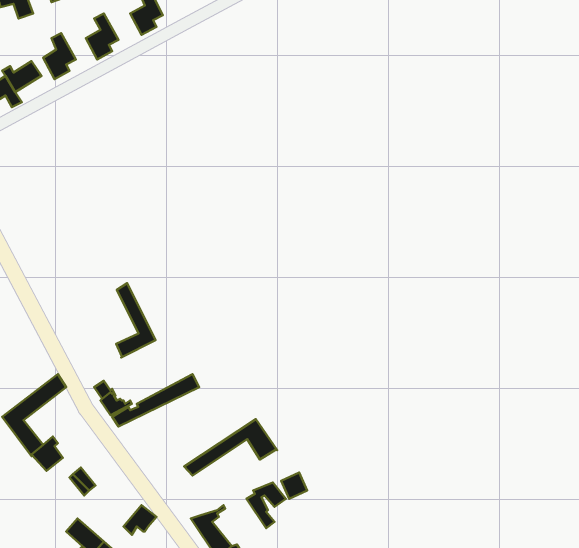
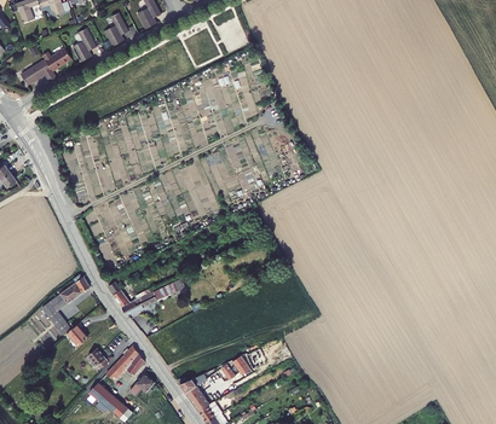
building: [116,283,155,358] -> none
building: [184,419,277,475] -> none
building: none -> [106,345,144,382]

